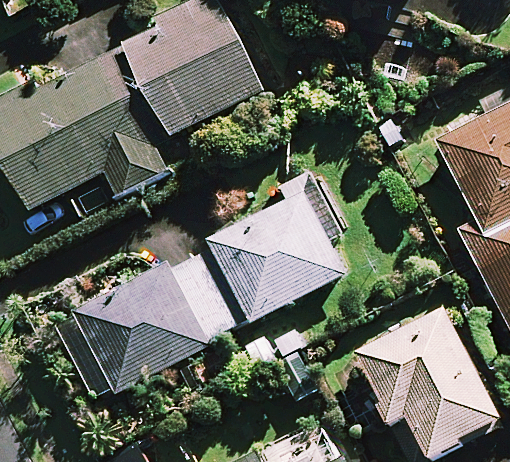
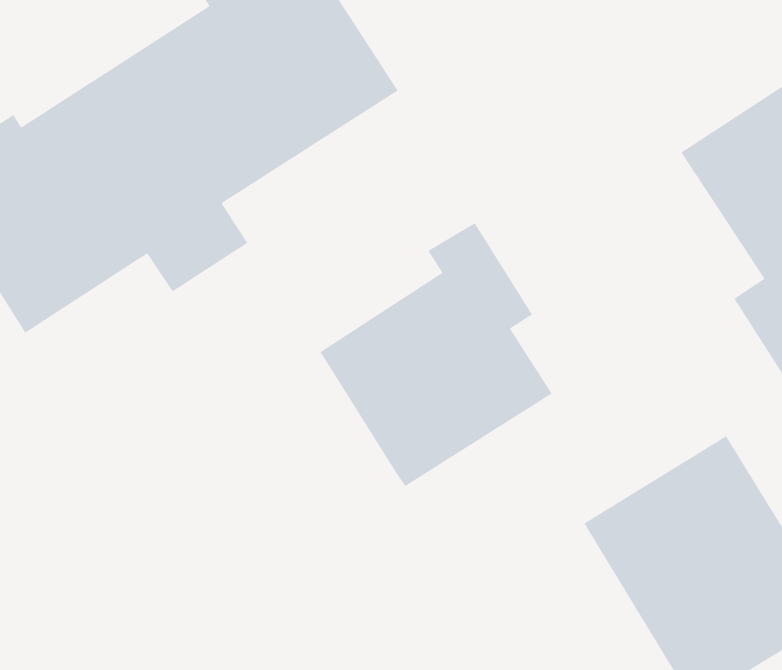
building: [68,243,246,392] -> none

